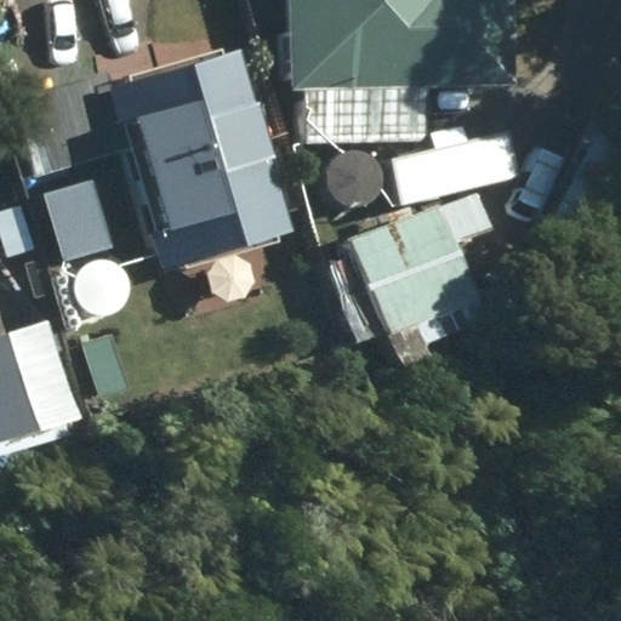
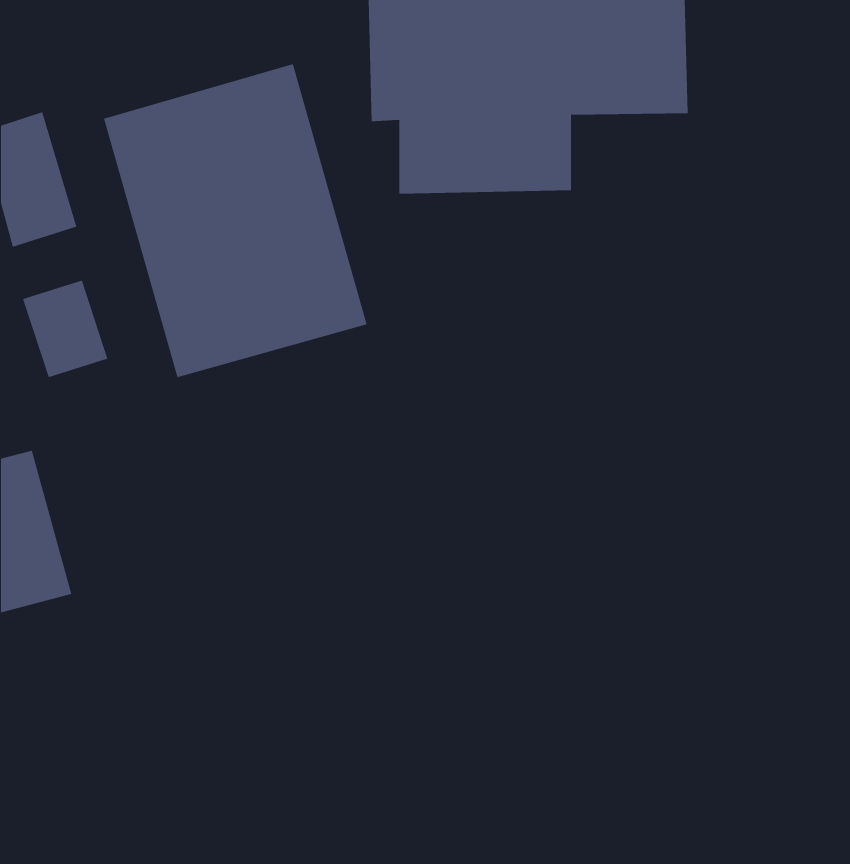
building: [341,199,477,338] -> none

